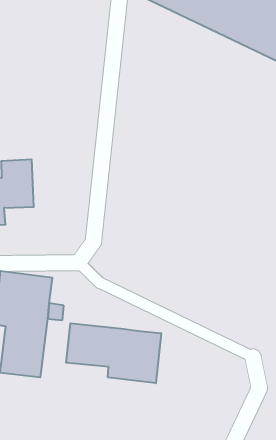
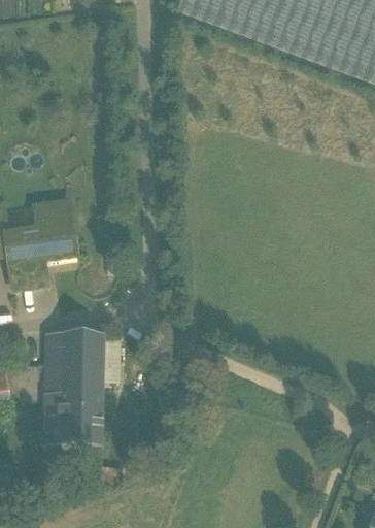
building: [66,323,161,383] -> none

